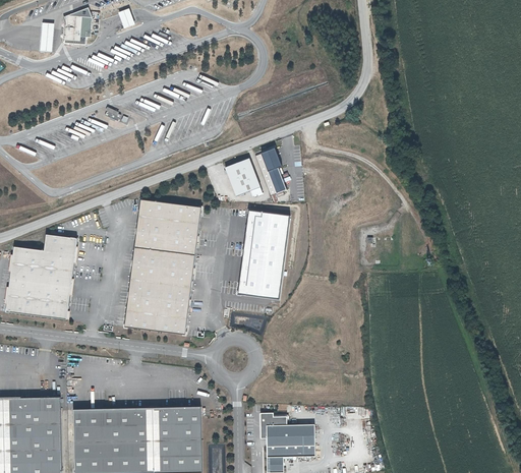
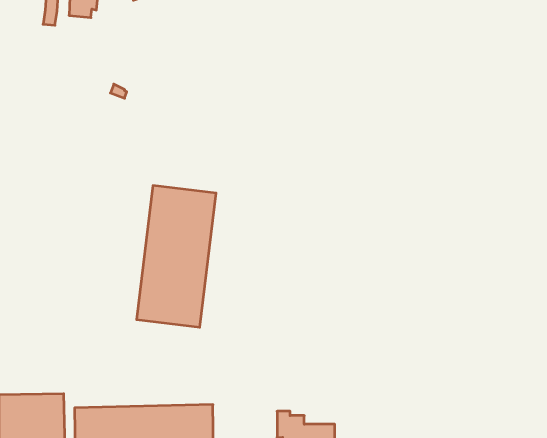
building: [254,146,286,195] -> none
building: [223,157,262,197] -> none
building: [237,210,289,299] -> none
building: [5,236,75,319] -> none

